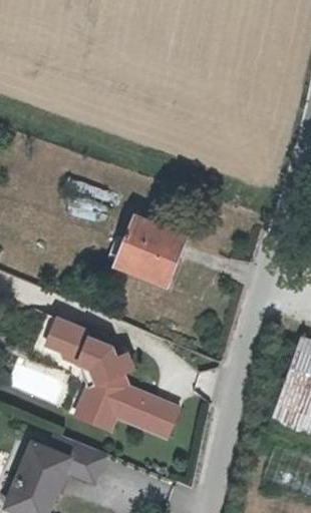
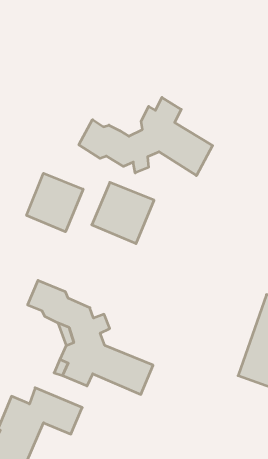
building: none -> [79,97,213,176]
building: none -> [27,173,83,232]

